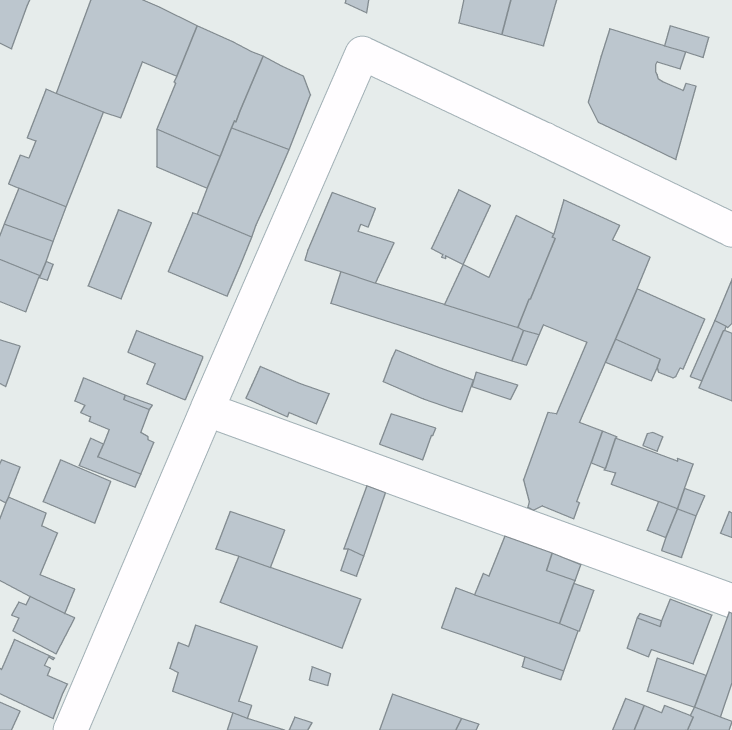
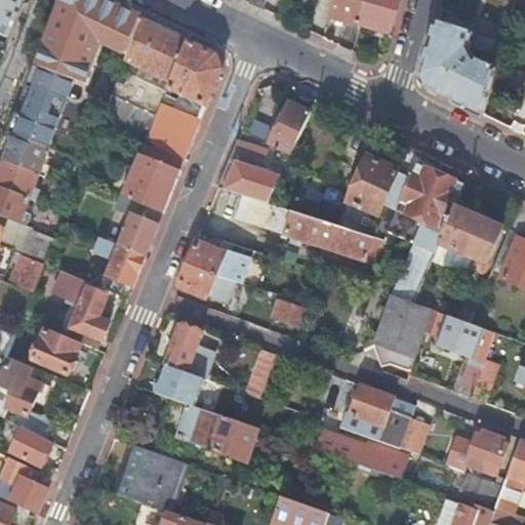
building: [431,190,490,264] -> [268,99,310,153]
building: [88,210,151,299] -> [8,227,53,290]
building: none -> [118,213,157,254]
building: [383,350,474,412] -> [186,239,250,283]
building: none -> [164,324,213,378]

